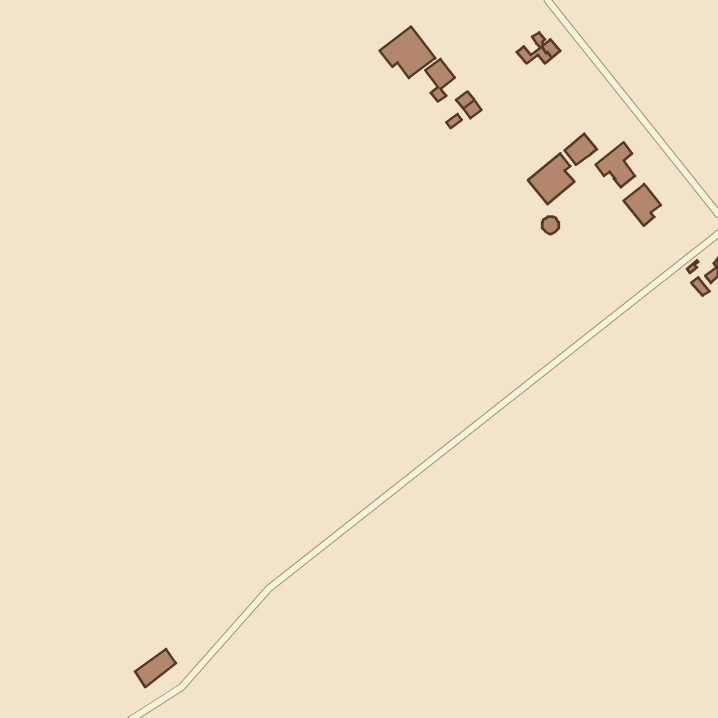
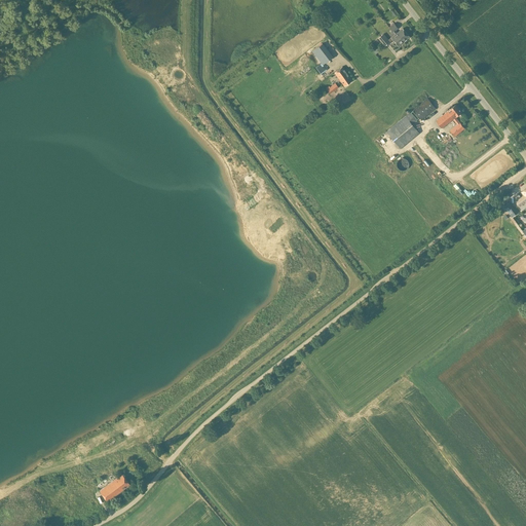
building: [380,27,435,78] -> none
building: [624,184,661,226] -> none

